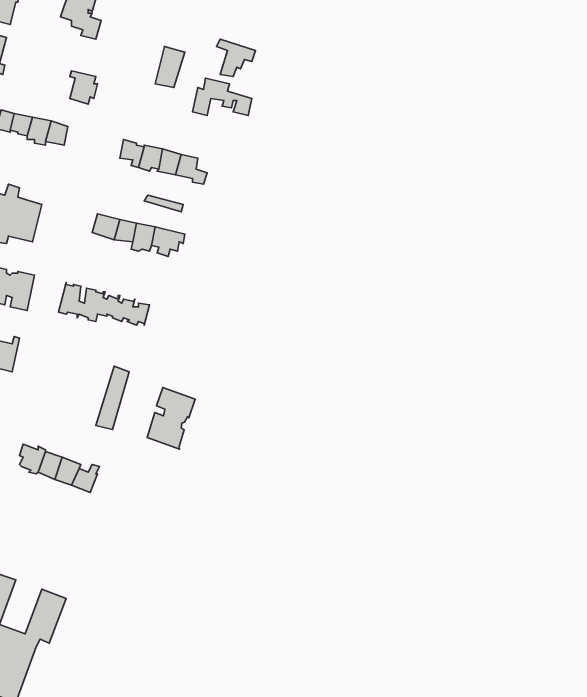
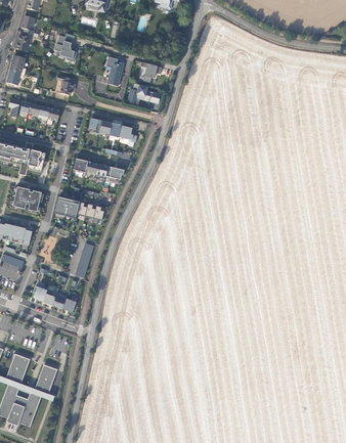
building: [147,387,195,449] -> none

